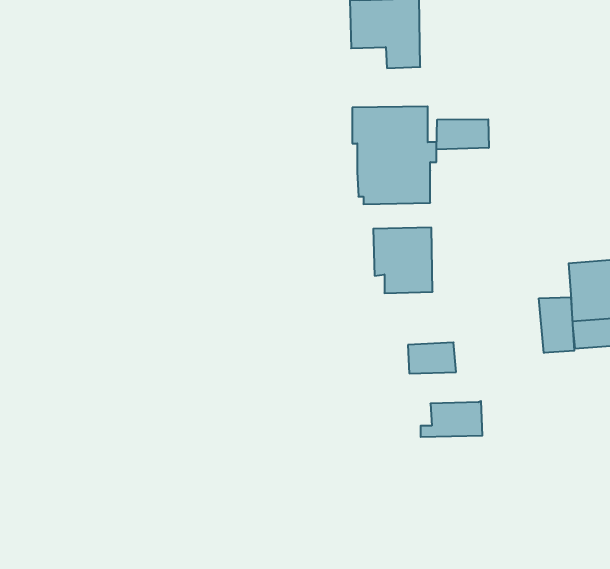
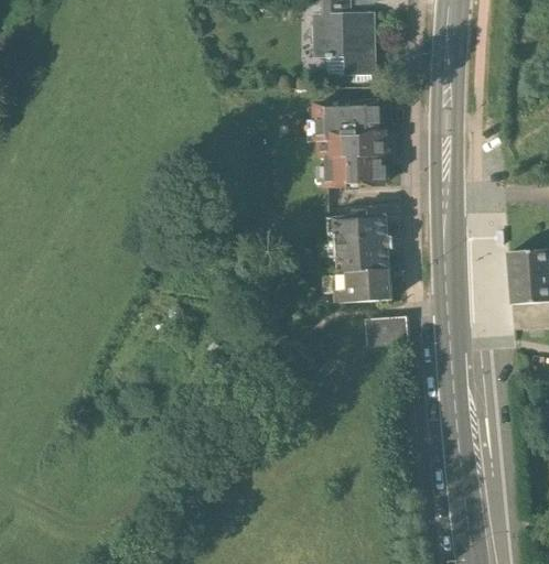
building: [436,119,489,150] -> none
building: [539,297,574,353] -> none
building: [421,401,482,437] -> [335,270,390,302]

